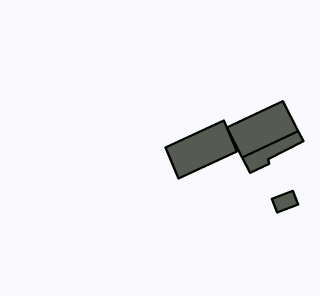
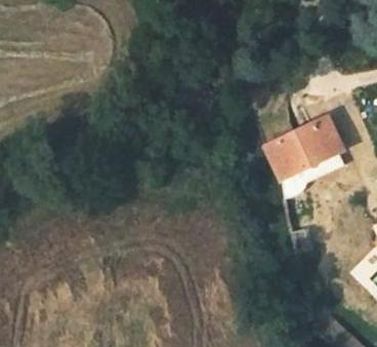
building: [165,120,237,179] -> none

